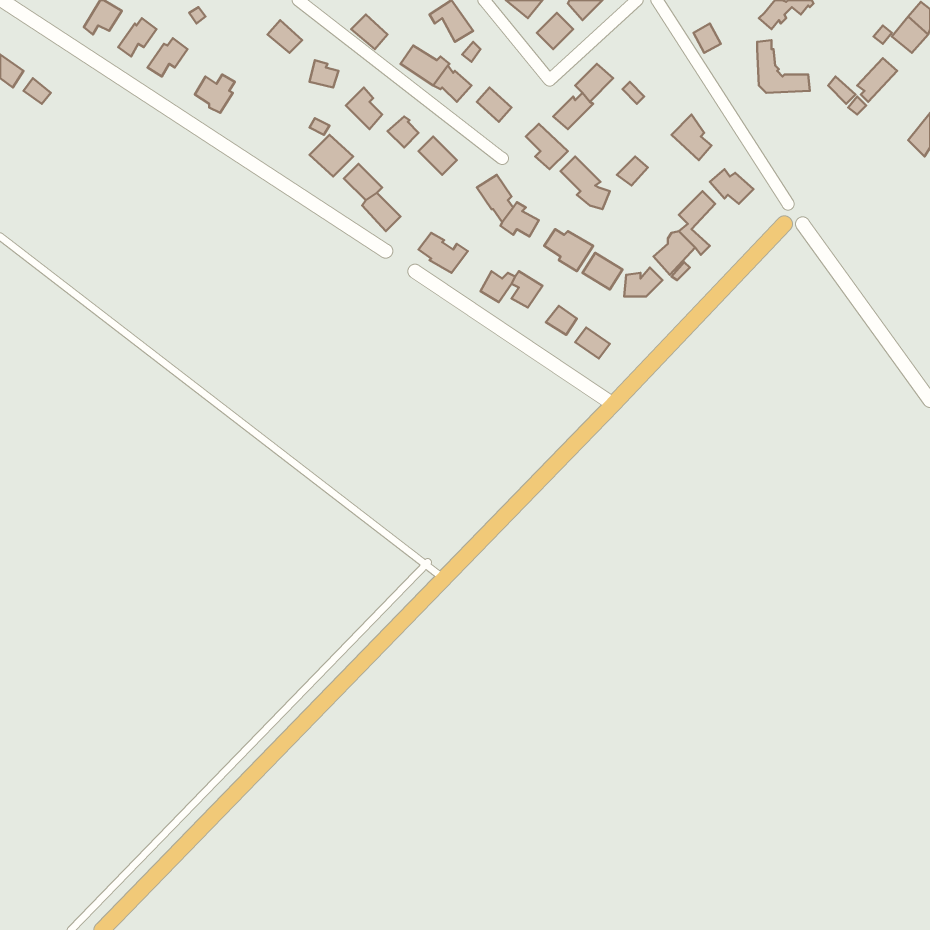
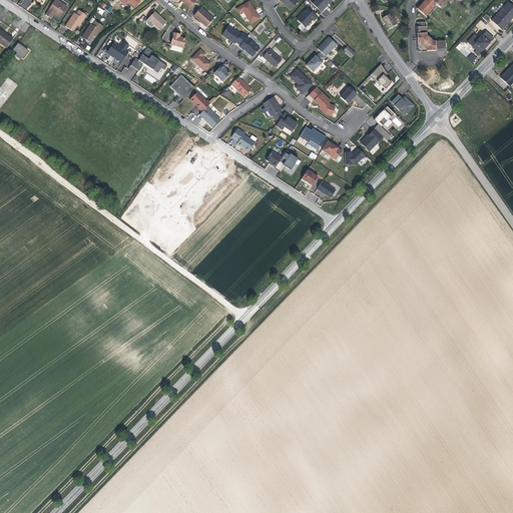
building: none -> [130,46,168,72]

